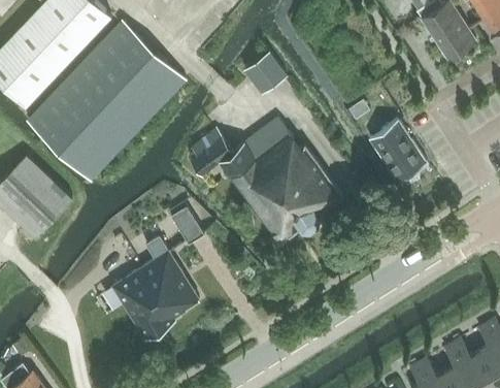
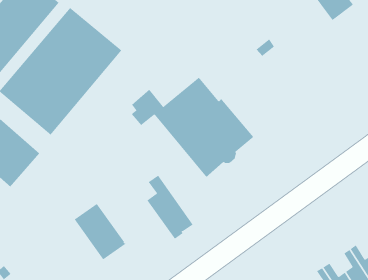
building: [245,54,287,95] -> none
building: [358,94,425,181] -> none
building: [170,207,204,246] -> none
building: [142,237,199,319] -> [147,175,194,240]

